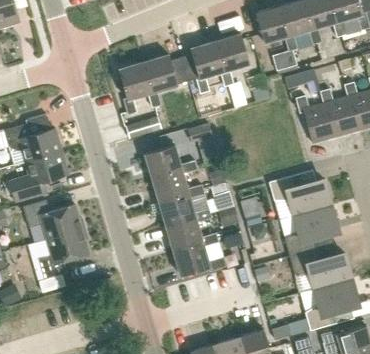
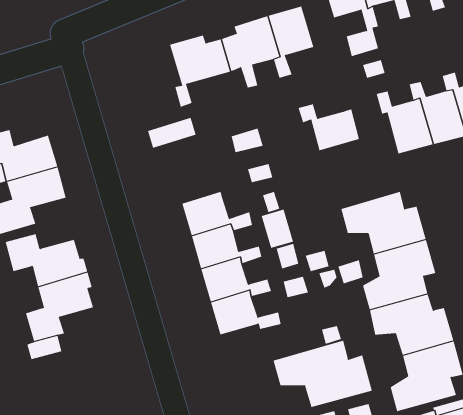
building: [118,62,152,115] -> none
building: none -> [298,104,360,151]
building: [144,145,197,178] -> none
building: none -> [273,340,373,408]

